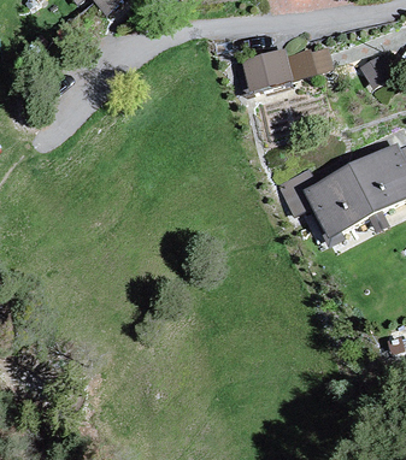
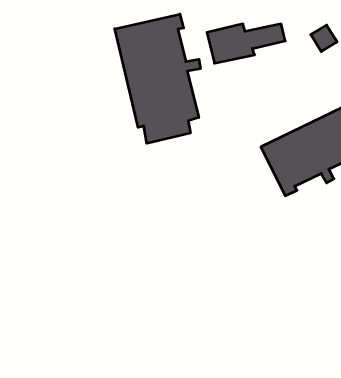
building: none -> [115,14,200,143]

